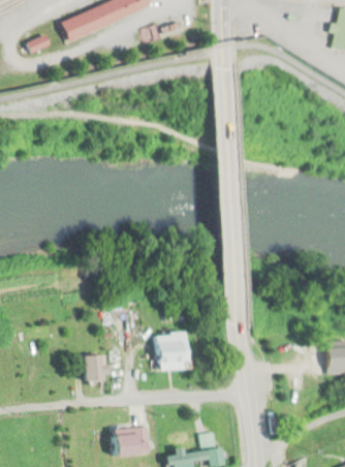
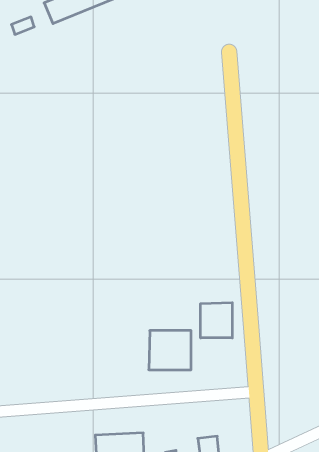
building: none -> [201,303,232,338]
building: [82,355,106,381] -> none

